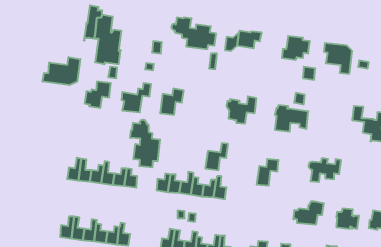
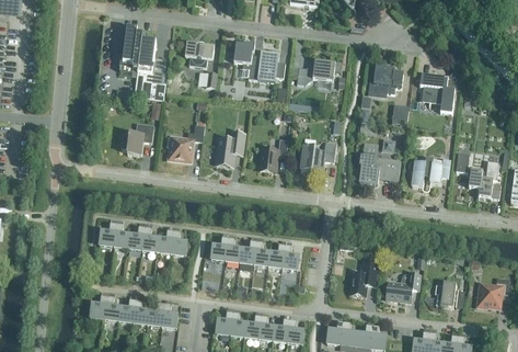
building: none -> [184,42,214,67]
building: [43,57,80,85] -> none
building: [130,120,160,167] -> none
building: [205,143,228,170] -> [258,138,287,172]
building: [309,158,341,182] -> [408,158,449,188]
building: [257,159,279,185] -> [349,263,377,296]

